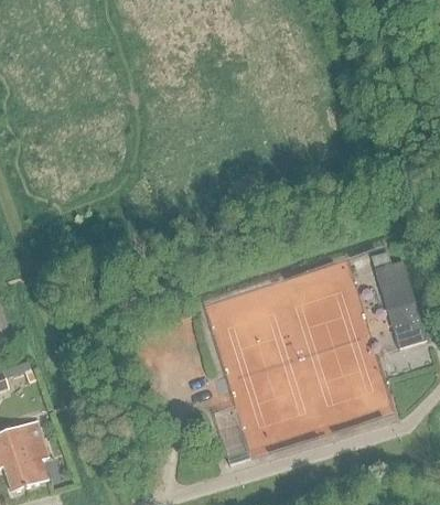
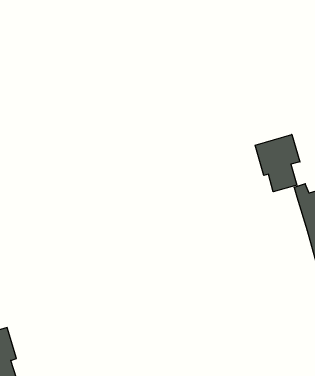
building: none -> [255,134,300,192]

